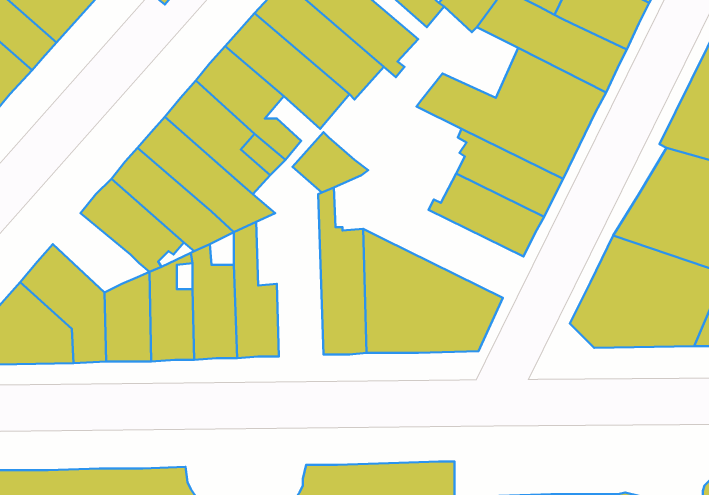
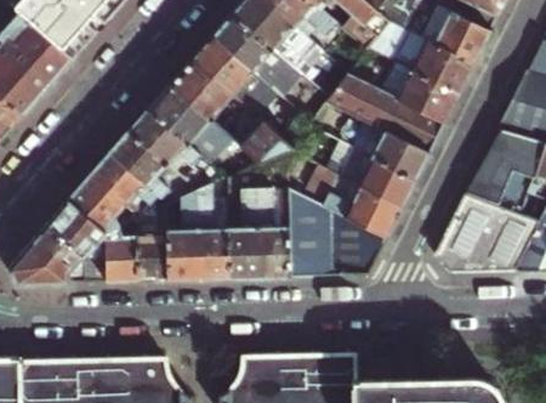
building: none -> [228,163,261,277]
building: none -> [303,165,402,235]
building: none -> [70,176,125,232]

